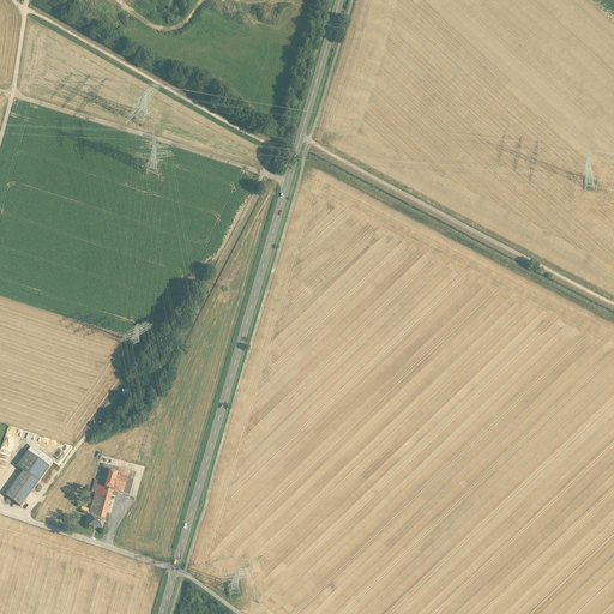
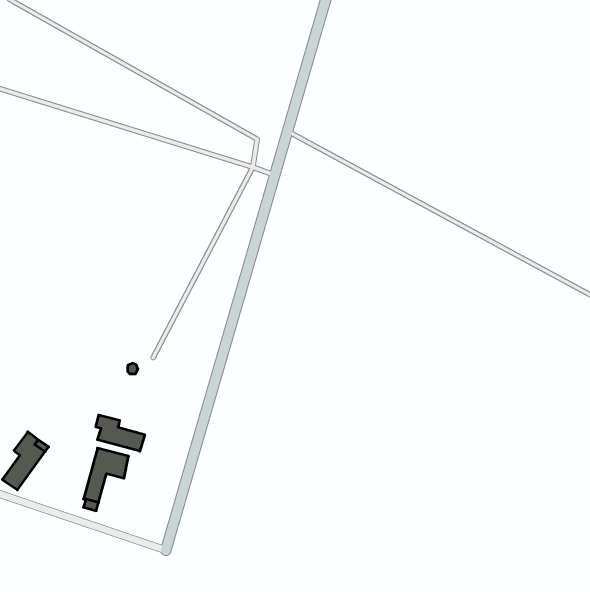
building: none -> [96,415,145,451]

